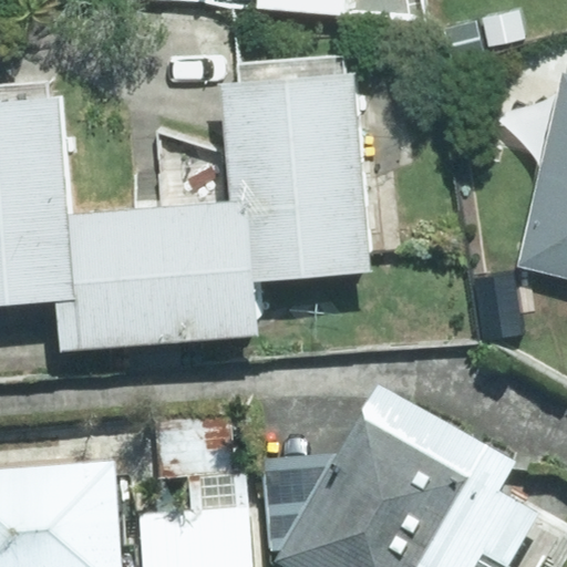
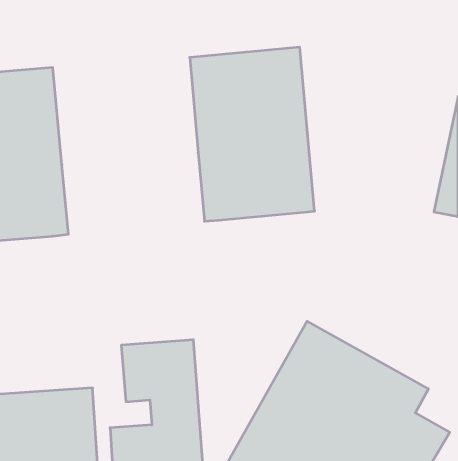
building: [63,197,266,347] -> none

